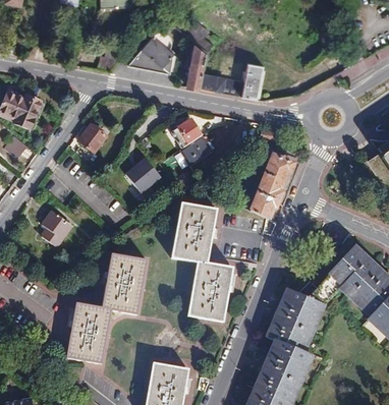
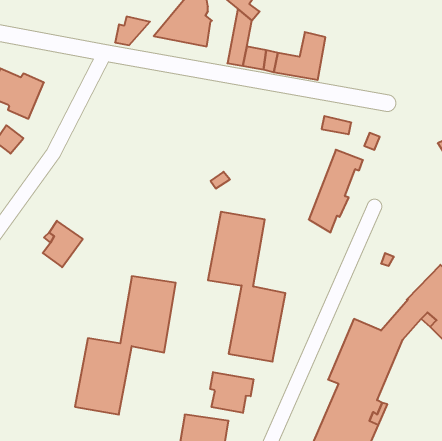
building: [172,118,212,167] -> none
building: [77,124,106,153] -> none
building: [121,156,159,193] -> none
building: none -> [210,372,253,413]

